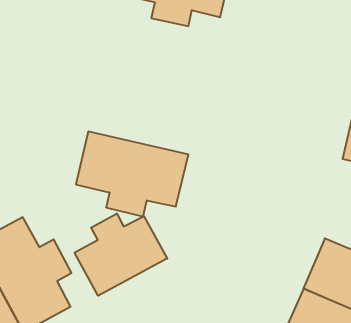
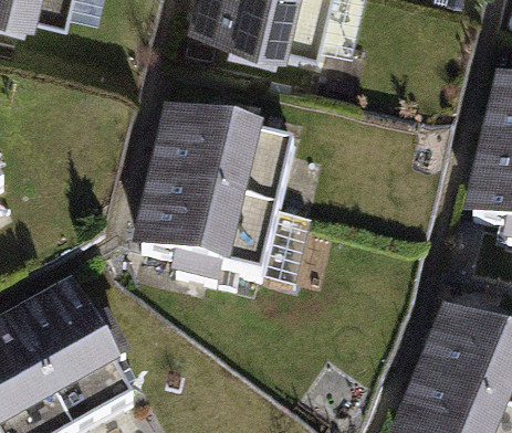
building: none -> [147,102,286,205]
building: [75,213,167,296] -> none

